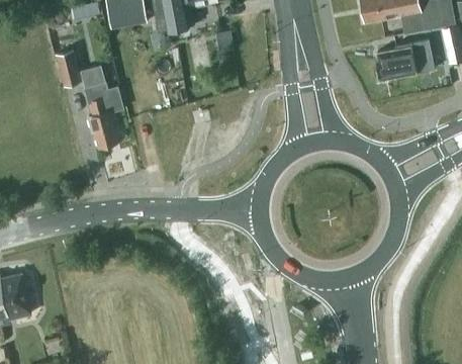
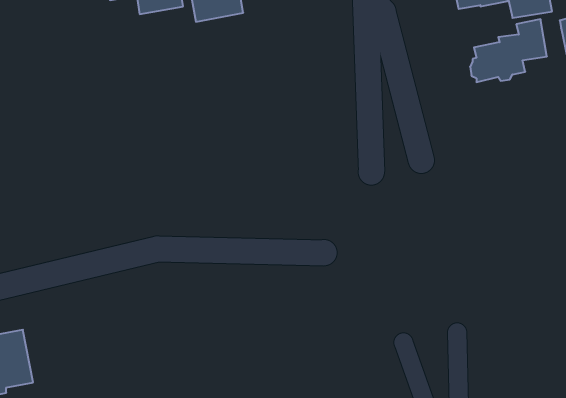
building: [57,50,83,86] -> none
building: [86,81,118,148] -> none

